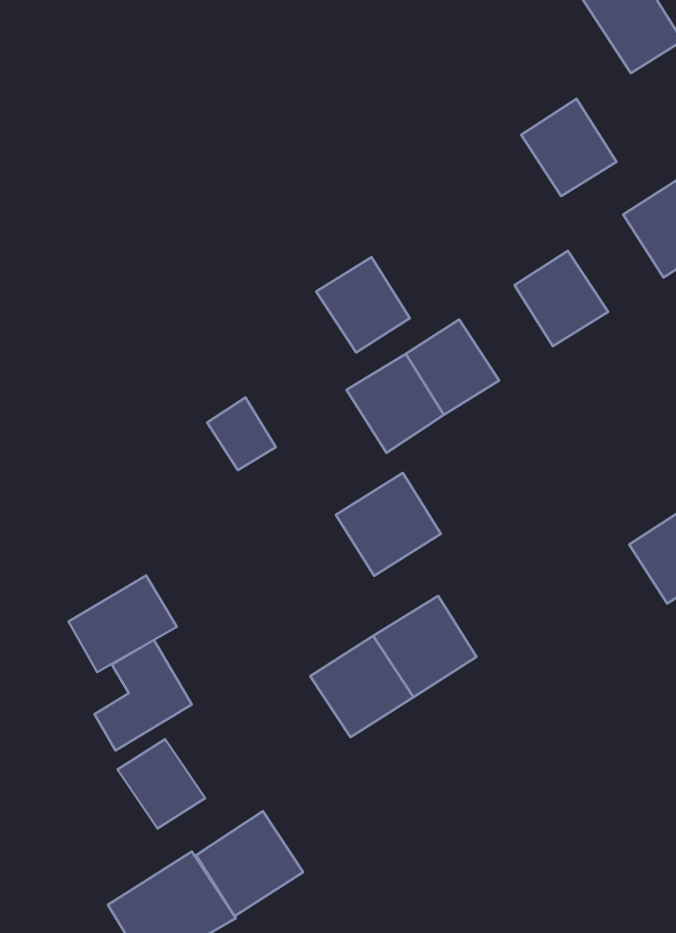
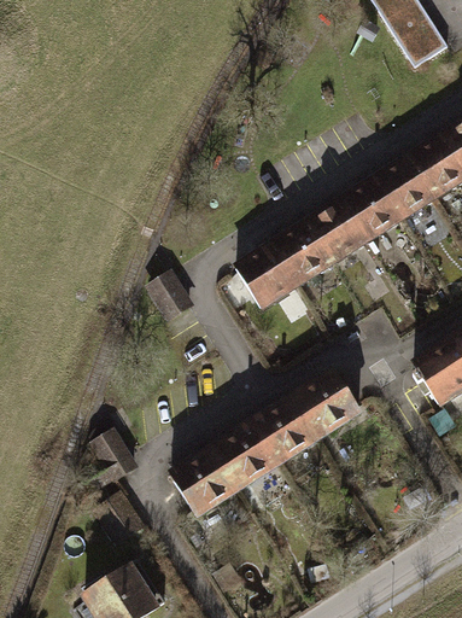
building: [521,99,617,196] -> [375,154,435,216]
building: [316,257,410,353] -> [306,199,365,260]
building: [336,473,441,576] -> [293,369,359,435]
building: [68,576,177,672] -> none
building: [196,811,303,916] -> [170,447,238,513]

